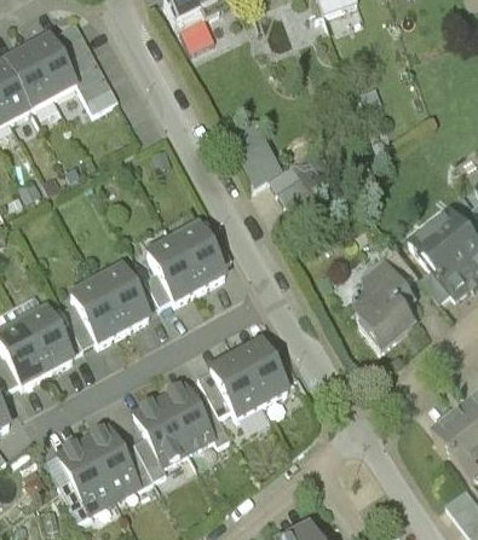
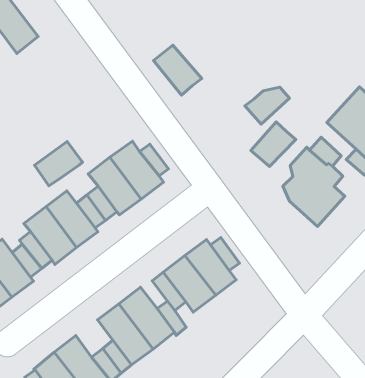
building: [271,161,319,197] -> [245,87,289,124]
building: none -> [35,141,83,186]
building: none -> [251,122,296,167]

